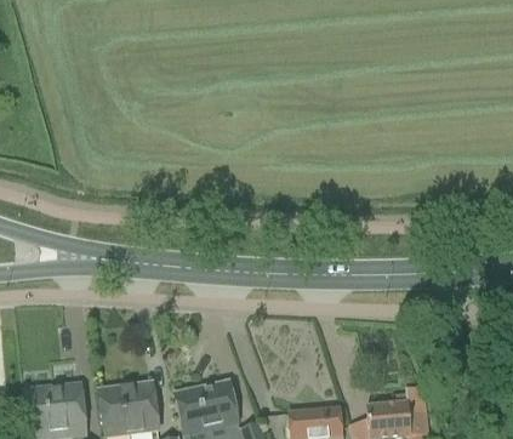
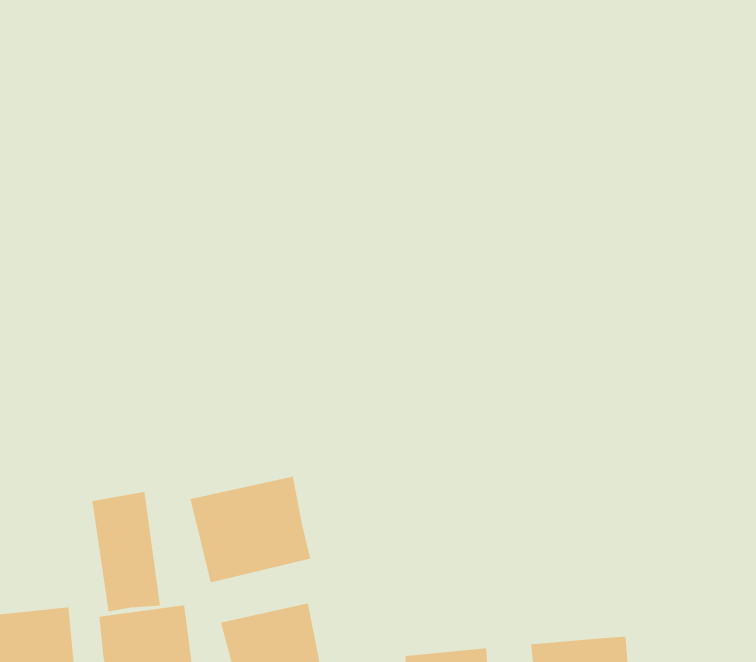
building: none -> [190,476,311,583]
building: none -> [92,491,161,612]

